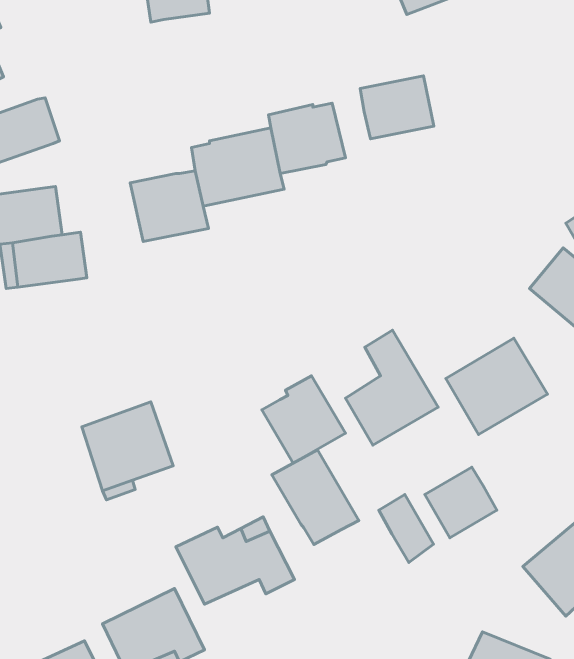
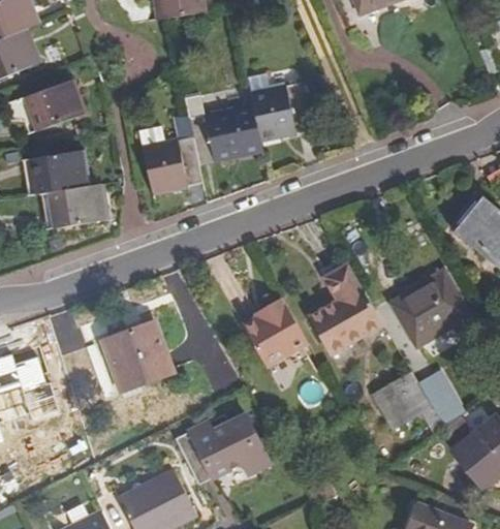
building: [360,76,434,139] -> none
building: [272,450,359,545] -> none
building: [379,495,434,562] -> [419,375,463,429]

